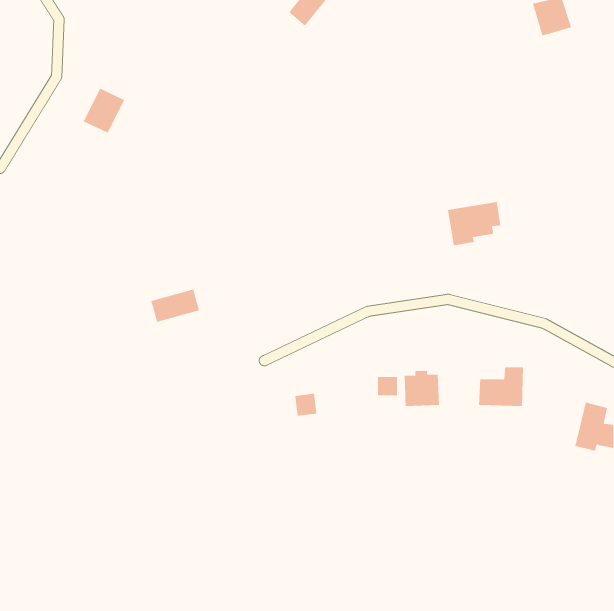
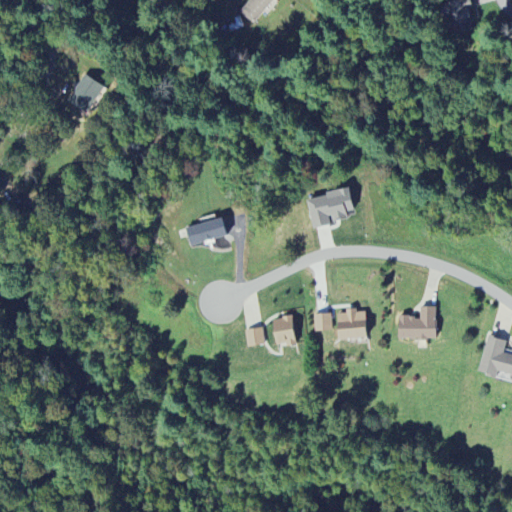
building: [447,201,501,246] -> [308,189,353,226]
building: [151,289,200,322] -> [185,216,226,244]
building: none -> [272,315,295,344]

